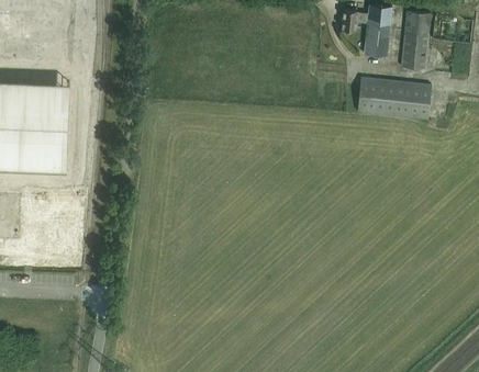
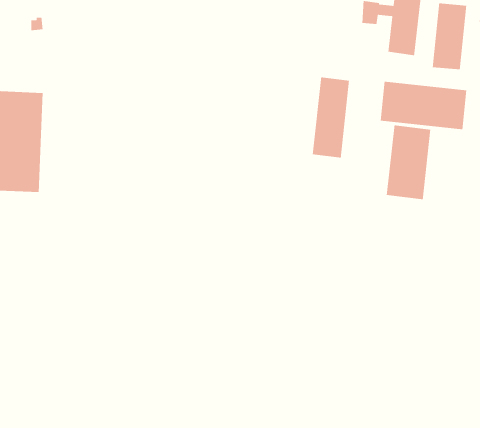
building: none -> [312,77,350,158]
building: none -> [386,124,431,200]

